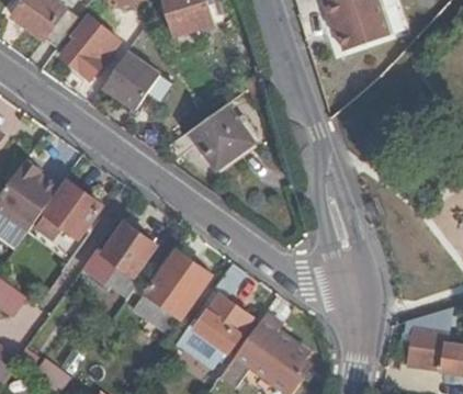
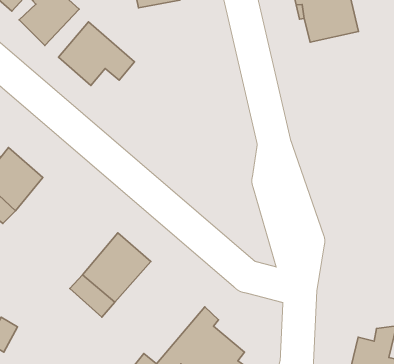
building: [189,104,253,169] -> none
building: [89,219,155,291] -> none
building: [193,261,250,351] -> none

